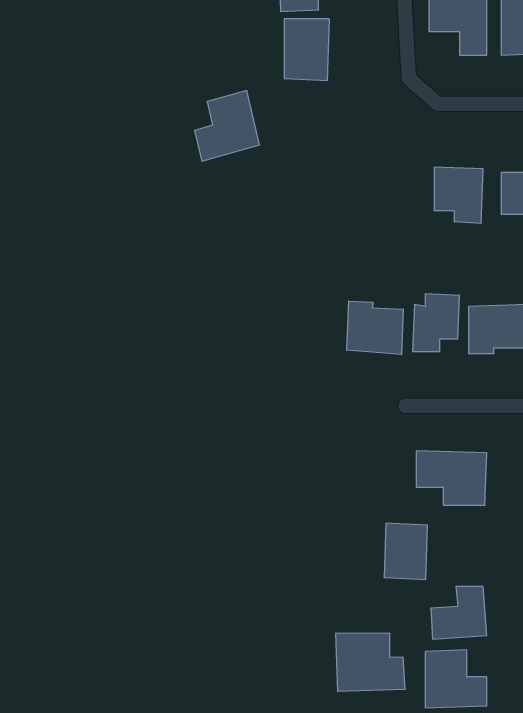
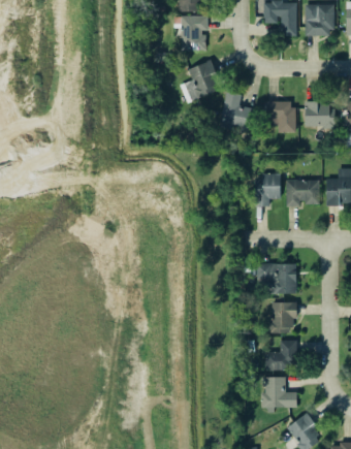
building: [194,91,260,161] -> [181,61,218,101]
building: none -> [221,92,252,129]
building: [347,301,403,355] -> none
building: [384,523,427,579] -> [269,301,294,333]
building: [336,633,405,692] -> none

